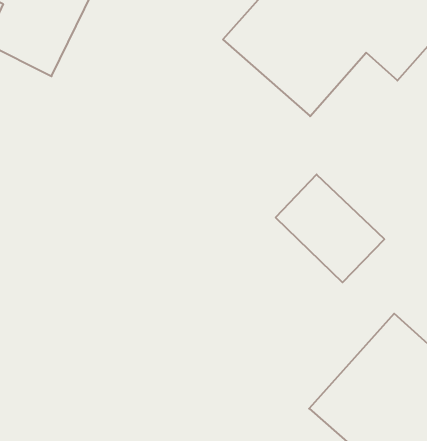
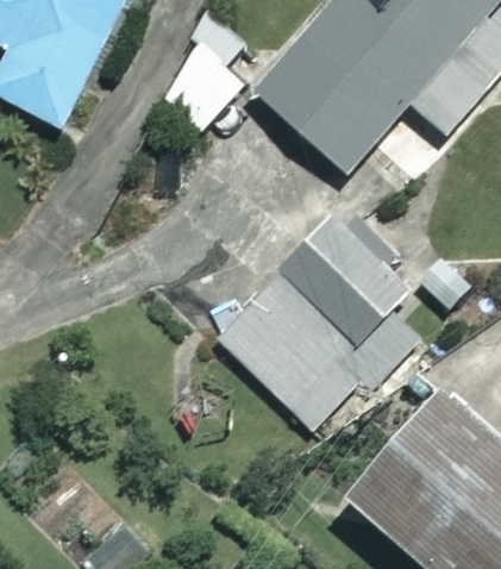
building: none -> [244,283,383,423]

